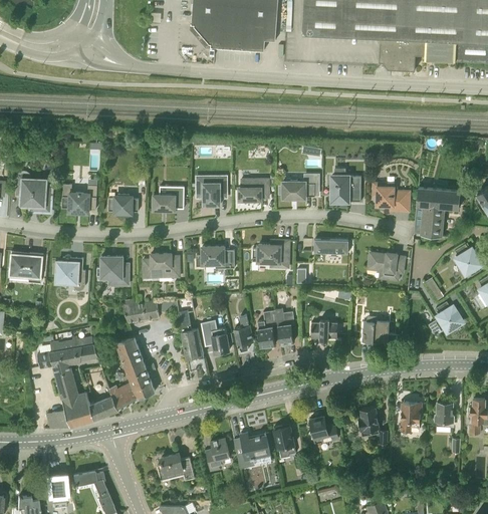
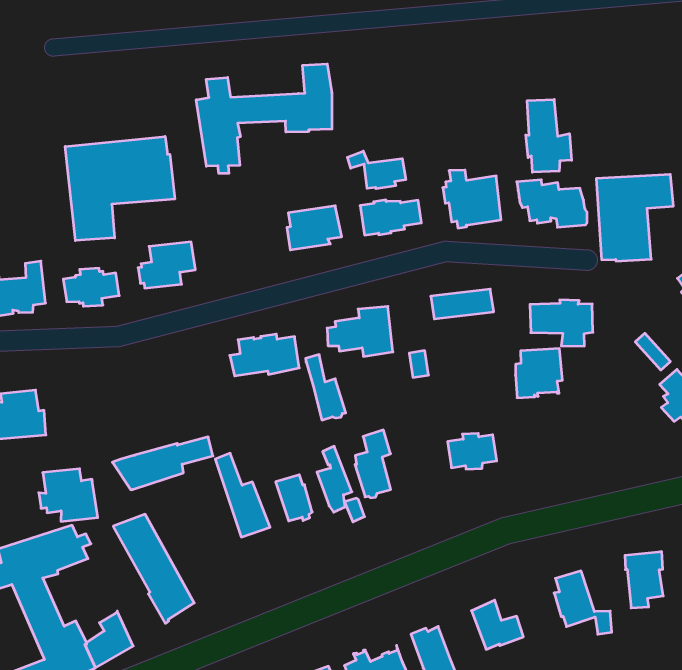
building: none -> [196,64,332,173]
building: none -> [65,136,175,241]
building: none -> [526,99,572,172]
building: none -> [347,151,406,189]
building: [196,177,227,208] -> none
building: [145,254,180,279] -> none
building: [97,256,129,286] -> [39,469,98,521]
building: [276,307,294,344] -> [306,355,346,420]
building: [361,315,390,342] -> [515,349,562,398]
building: [109,382,137,411] -> none

